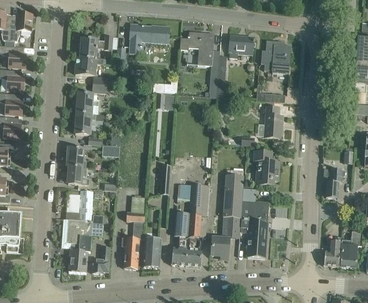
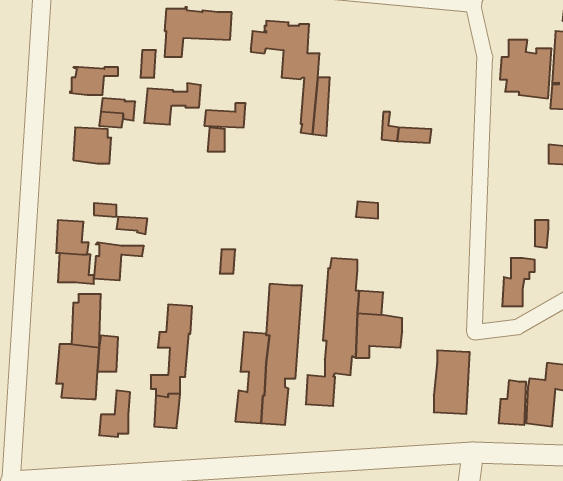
building: [80,35,113,59] -> [144,83,201,125]
building: [229,35,254,57] -> none
building: [261,40,291,74] -> [500,40,552,98]
building: [263,107,283,138] -> none
building: [75,112,104,134] -> [94,242,144,280]
building: [254,150,280,185] -> none
building: [247,220,268,257] -> [434,350,470,414]
building: [143,238,161,267] -> none
building: [69,250,88,273] -> none

